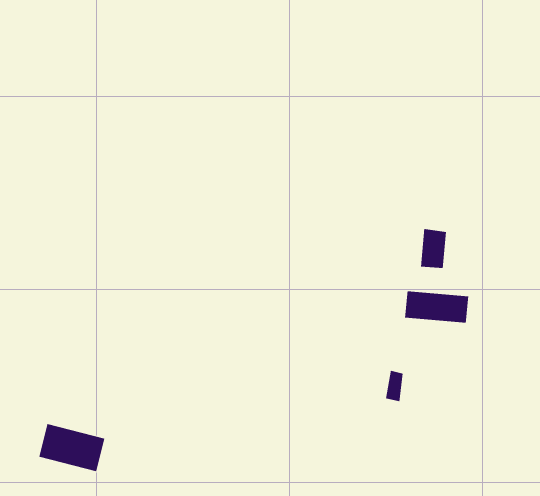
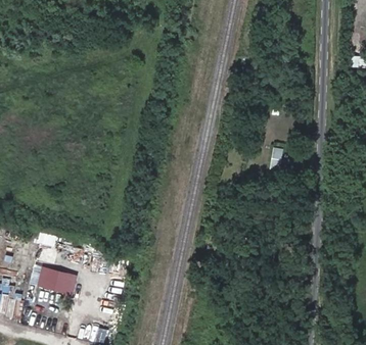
building: [405,291,469,323] -> none

